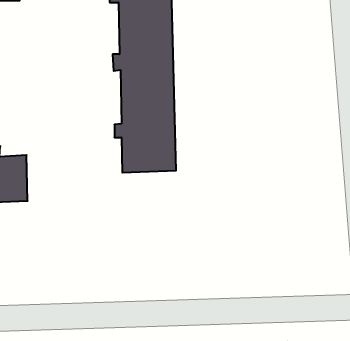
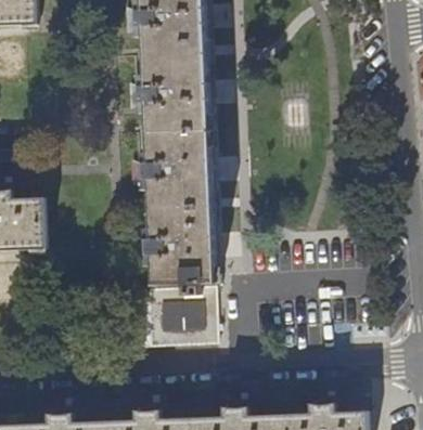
building: none -> [145,214,216,343]

